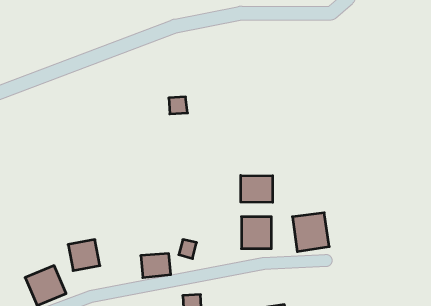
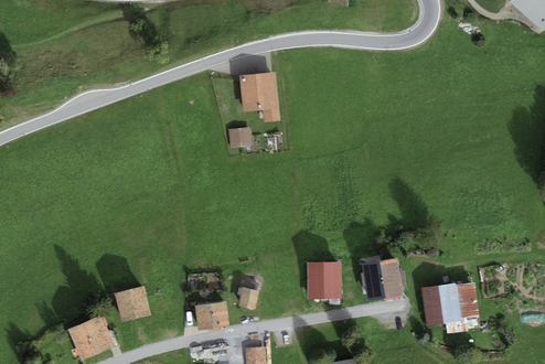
building: none -> [241,73,281,120]
building: [241,175,273,202] -> none
building: none -> [421,281,479,333]

